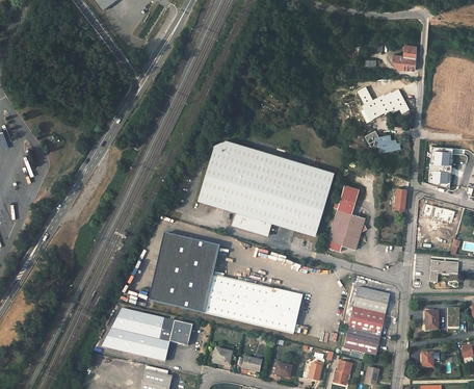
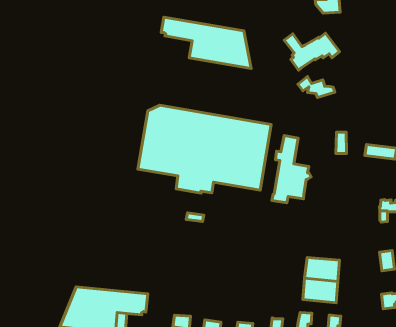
building: none -> [161,17,251,68]
building: [428,146,453,187] -> none
building: [149,232,302,333] -> none
building: [353,286,390,313] -> none

